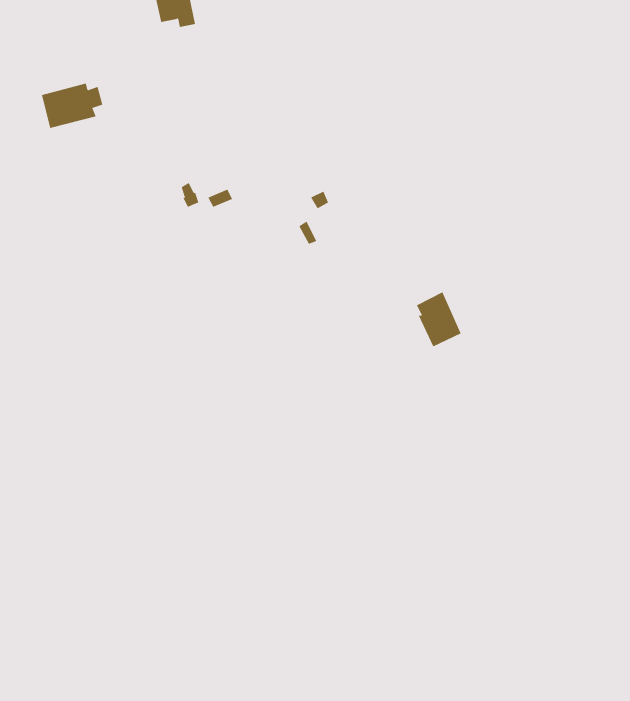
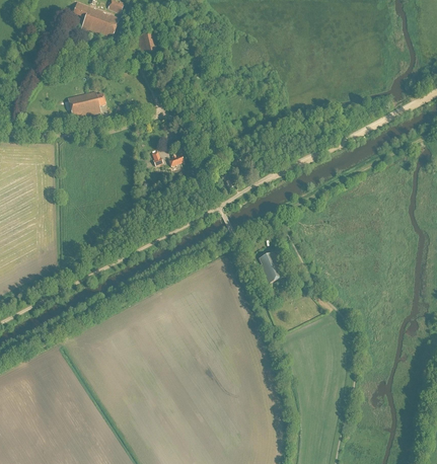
building: [416,292,461,347] -> [259,250,286,284]

